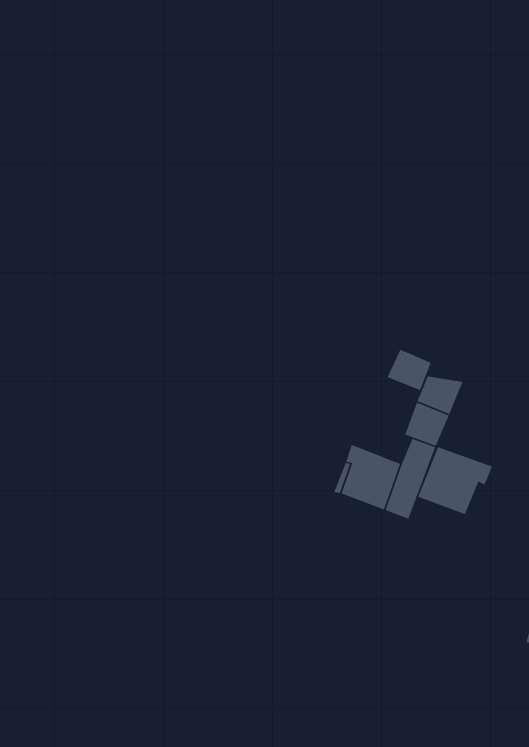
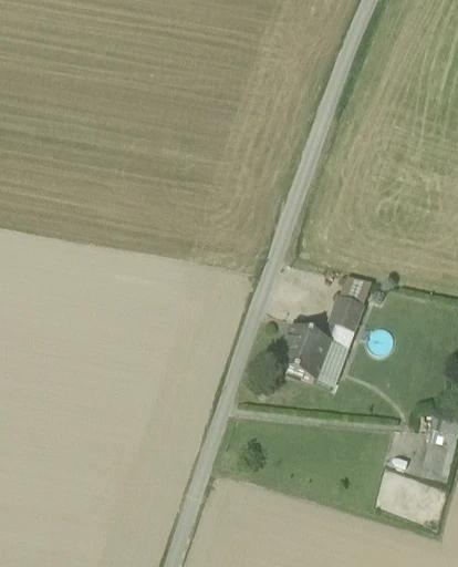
building: [387,349,432,391] -> none
building: [417,446,493,515] -> none

